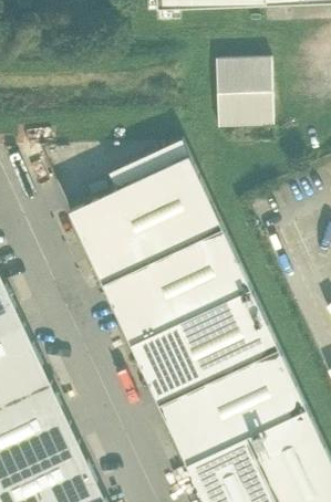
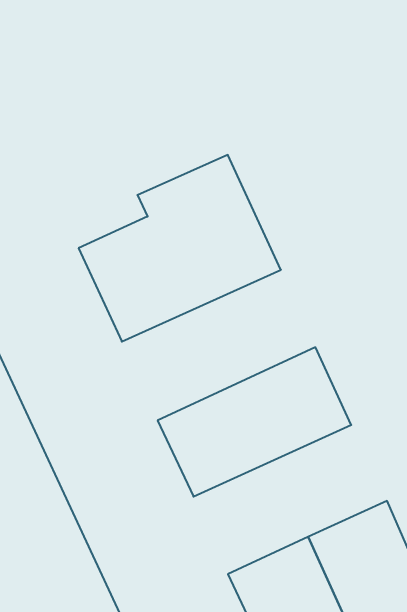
building: [213,55,271,125] -> none
building: [102,227,251,343] -> none
building: [157,346,307,461] -> none

